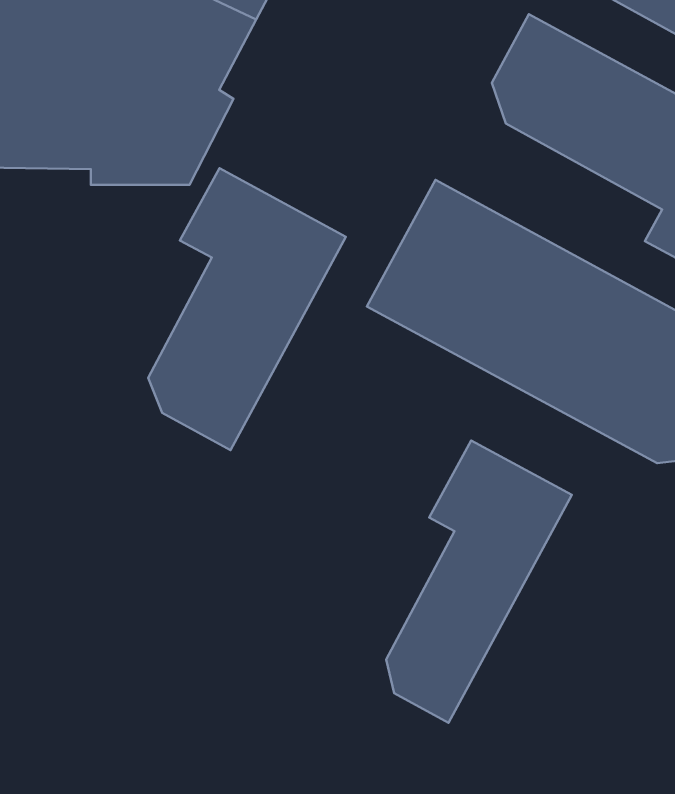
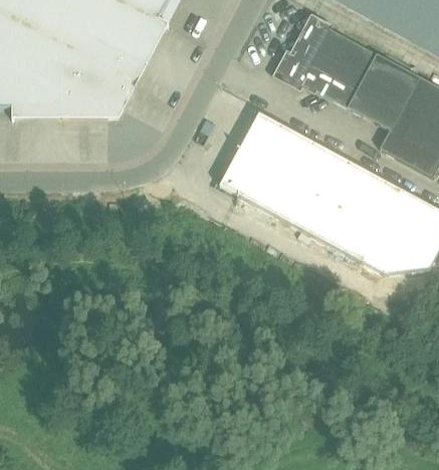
building: [148,168,346,450] -> none
building: [386,441,572,723] -> none

